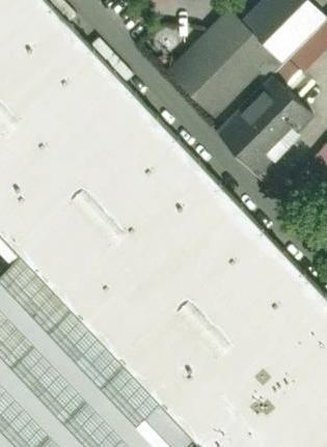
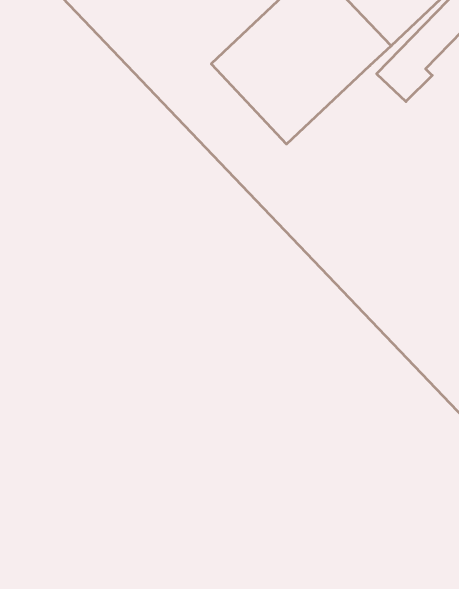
building: [214,74,308,168] -> none

